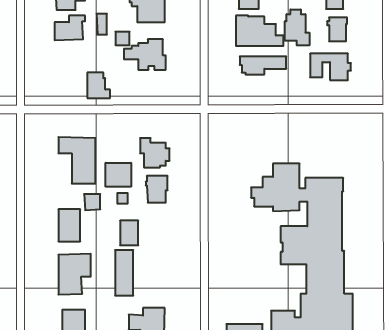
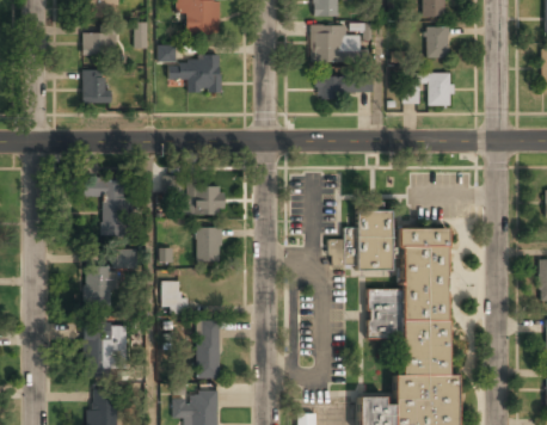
building: [285,9,309,45] -> none
building: [87,73,110,98] -> [81,69,110,101]
building: [106,163,131,187] -> none
building: [115,250,133,296] -> [198,321,221,378]

